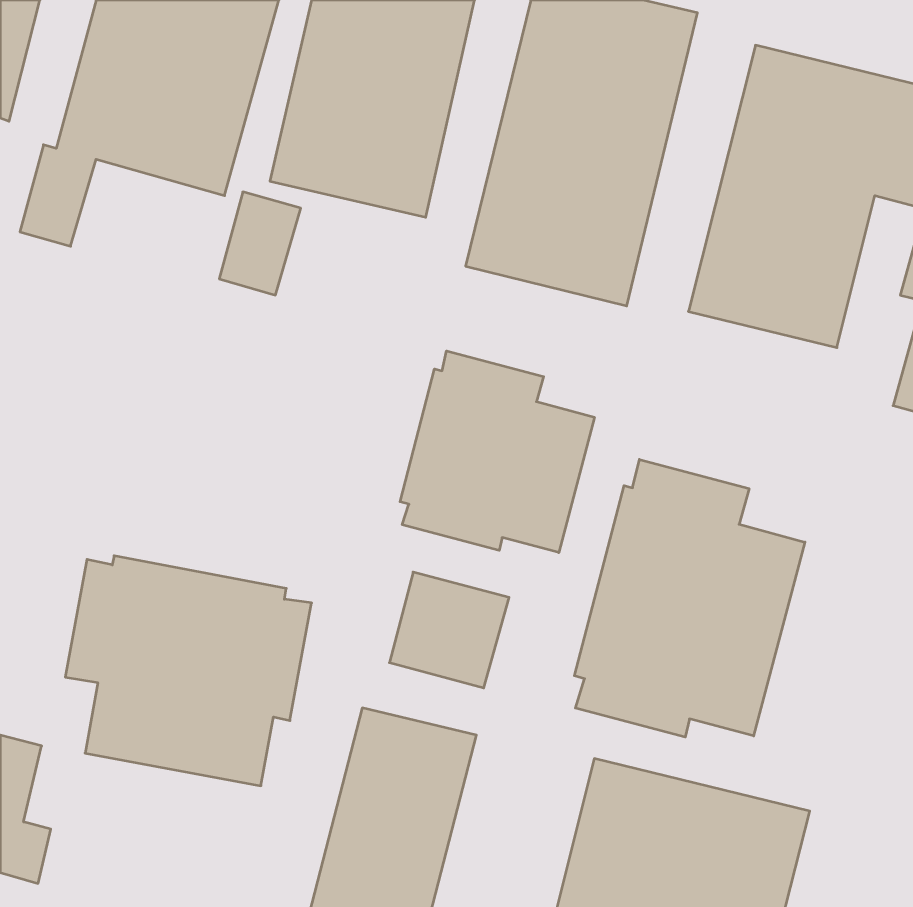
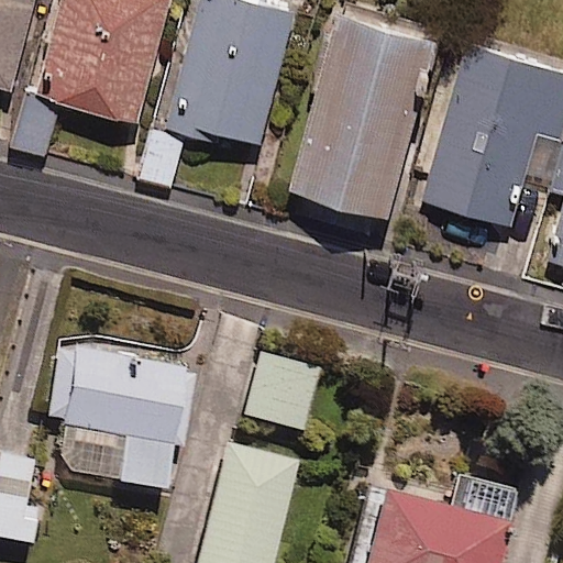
building: [400,351,594,553] -> none
building: [574,459,805,737] -> none

